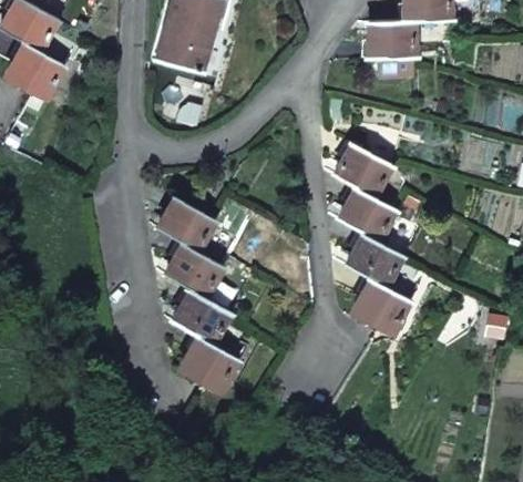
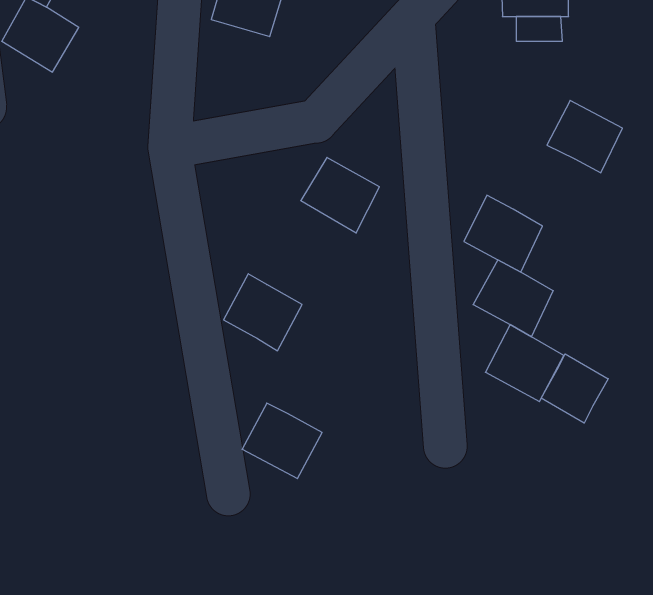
building: [337,144,391,196] -> [547,100,622,173]
building: [158,196,215,250] -> [301,157,379,233]
building: [174,289,230,343] -> none
building: none -> [541,354,608,423]

